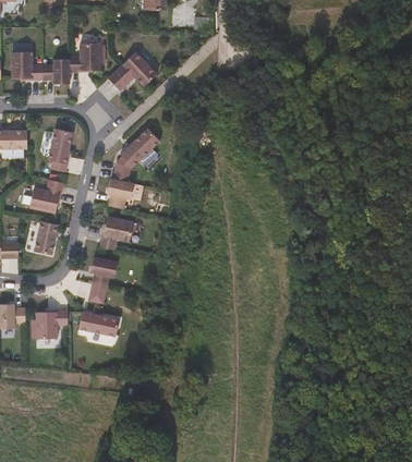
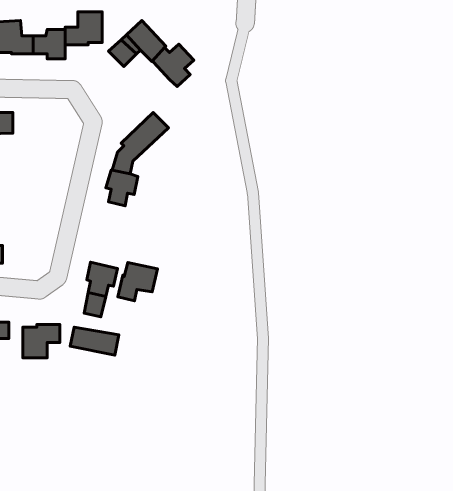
building: none -> [152,44,194,87]
building: [48,129,73,172] -> none
building: [28,180,62,212] -> none
building: [99,217,133,250] -> [118,263,157,301]
building: [33,220,58,255] -> none

